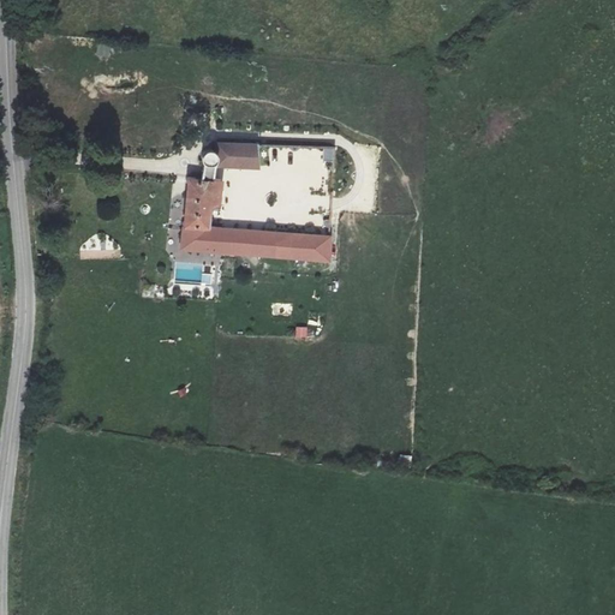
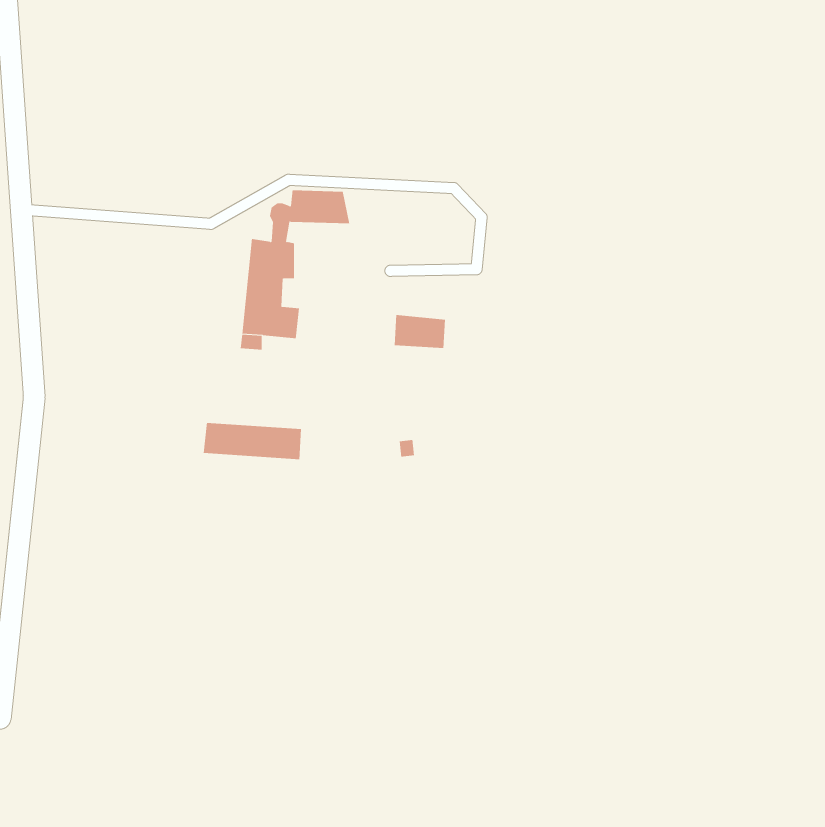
building: [222,229,295,257] -> [203,422,302,460]

